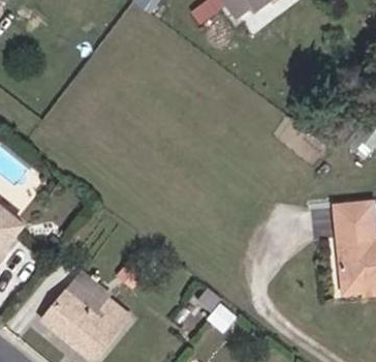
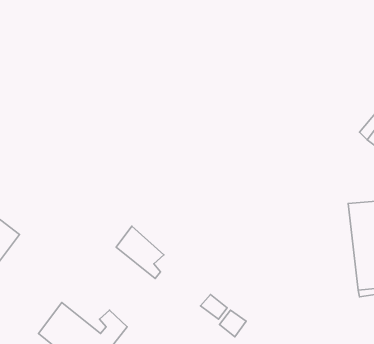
building: [63,275,107,324] -> [116,226,164,278]

